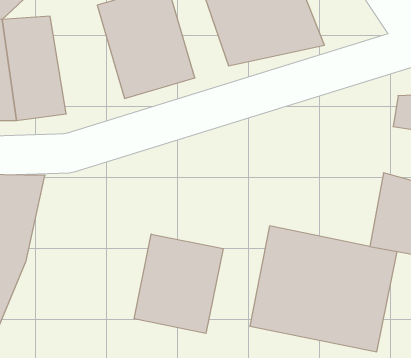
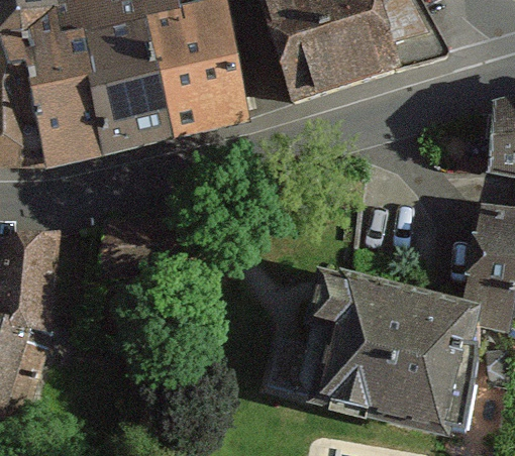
building: none -> [81,19,169,147]
building: [134,234,223,333] -> none

